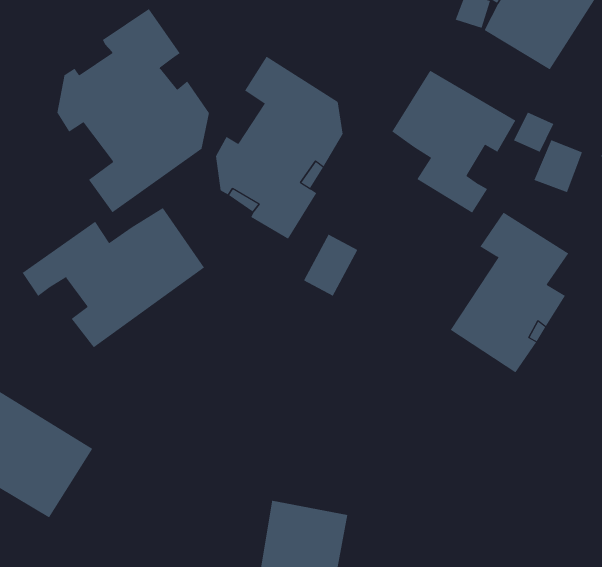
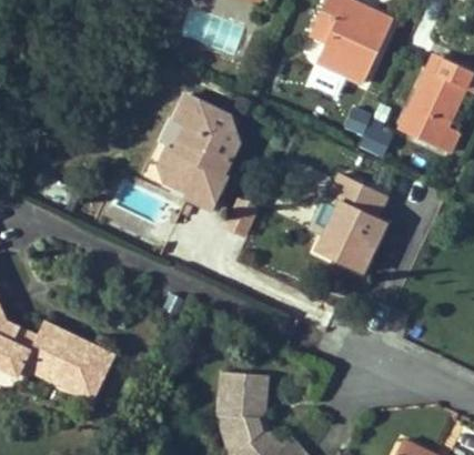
building: [57,8,209,213] -> none
building: [392,70,516,213] -> none
building: [22,207,205,348] -> none

